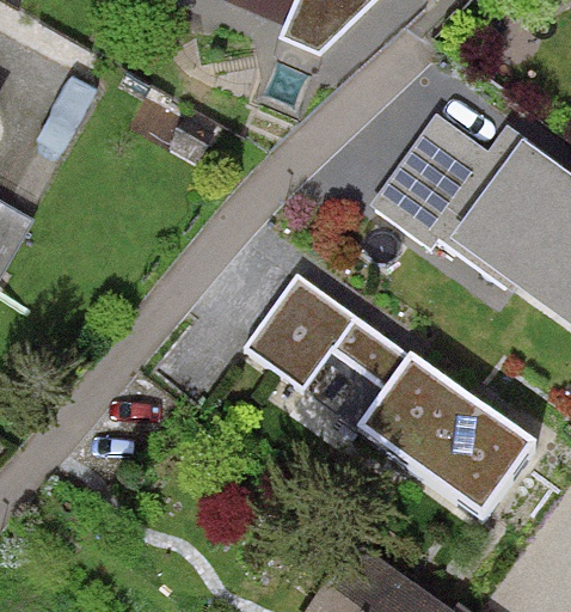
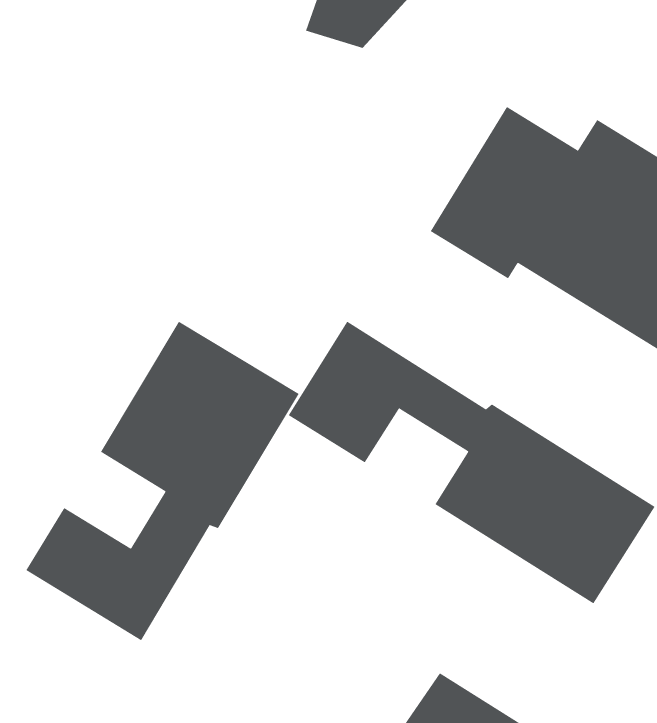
building: none -> [25,321,299,641]

